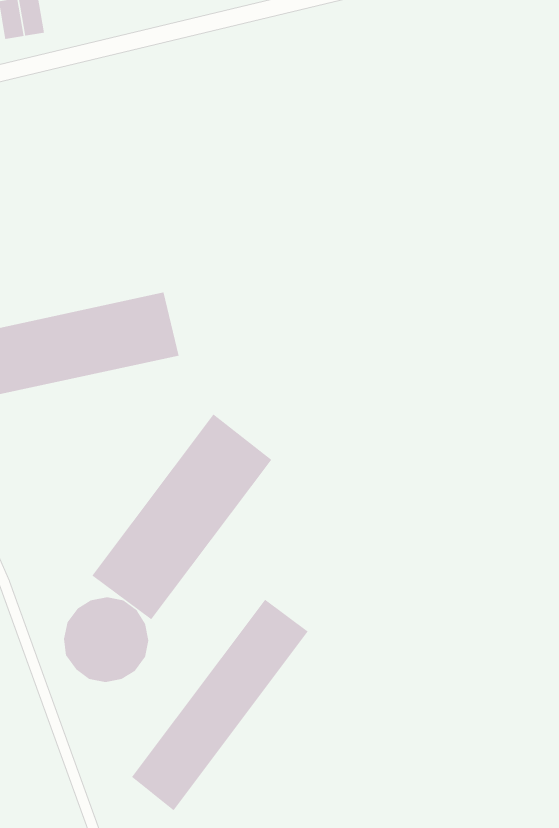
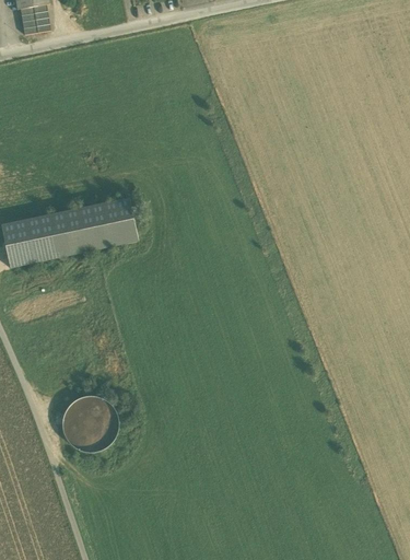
building: [92,414,272,620] -> none
building: [131,599,309,811] -> none

